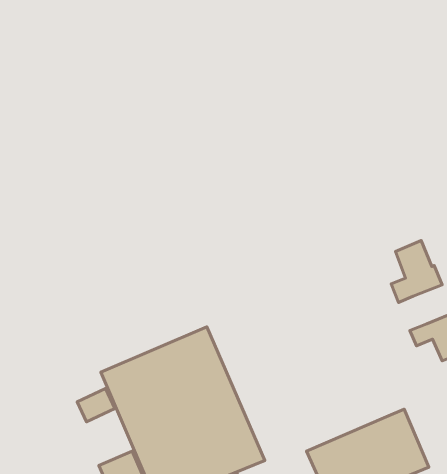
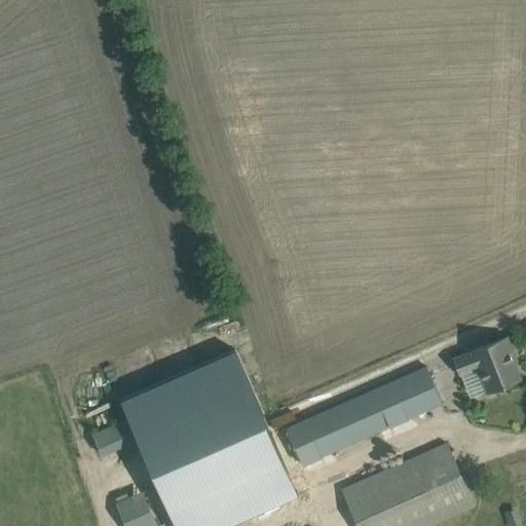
building: [391,240,442,303] -> none
building: none -> [290,368,443,463]

